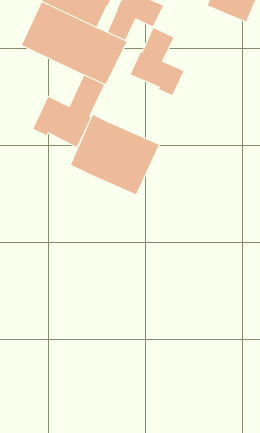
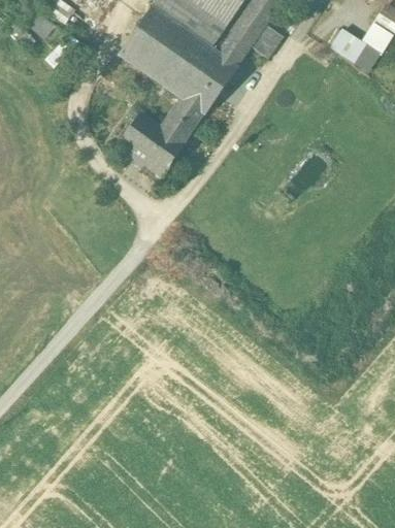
building: [130,27,184,96] -> none
building: [70,114,159,195] -> none

